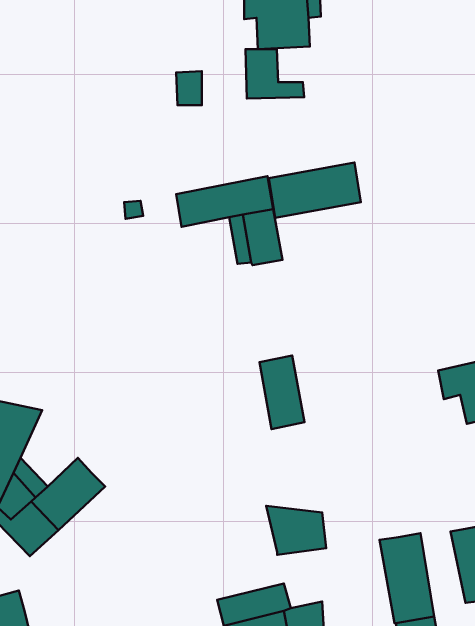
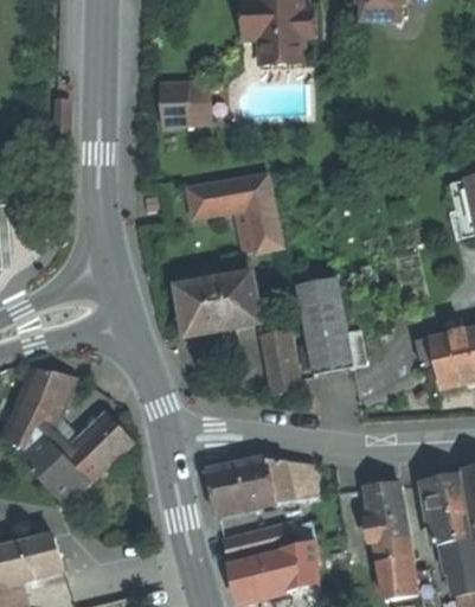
building: [245,49,304,98] -> [160,82,211,124]
building: [269,162,361,218] -> none
building: none -> [176,271,257,333]
building: none -> [296,277,353,372]
building: none -> [206,458,275,511]

